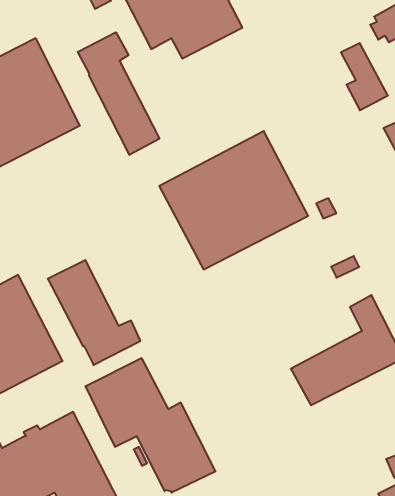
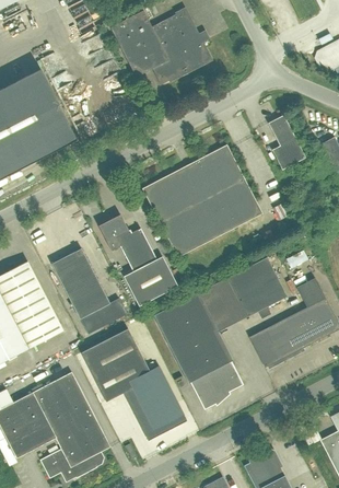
building: [78,32,159,155] -> none
building: [341,43,388,110] -> [267,115,305,170]
building: none -> [97,218,177,306]
building: none -> [152,256,287,408]

